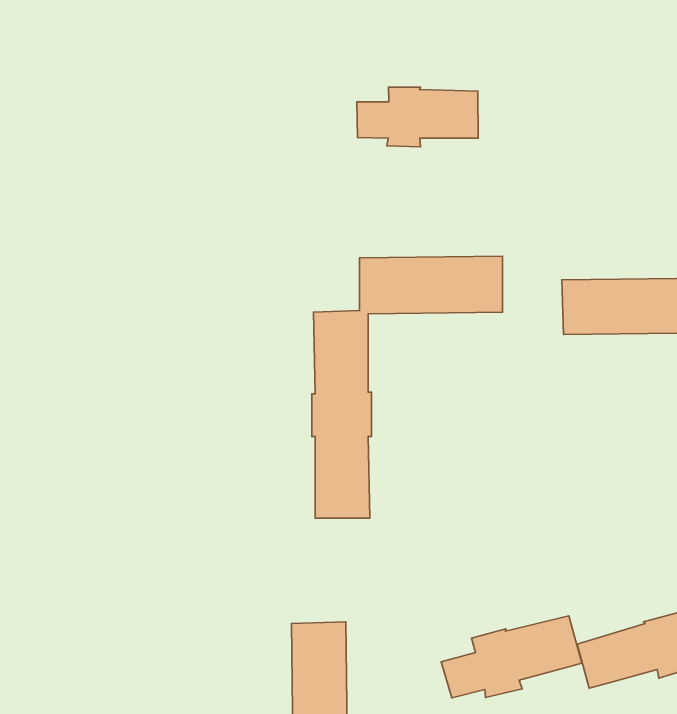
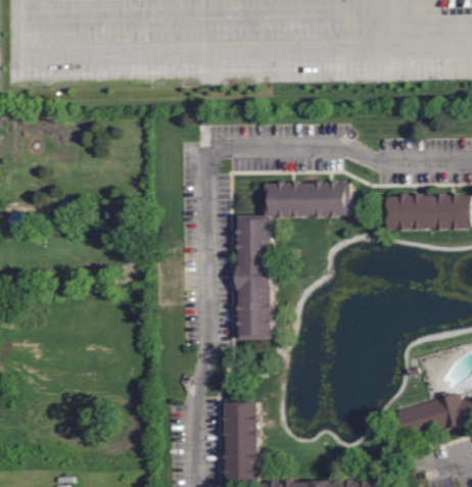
building: [357,87,478,147] -> none
building: [441,616,582,698] -> none

